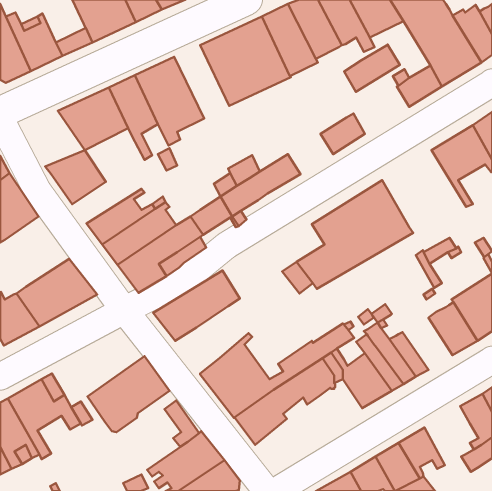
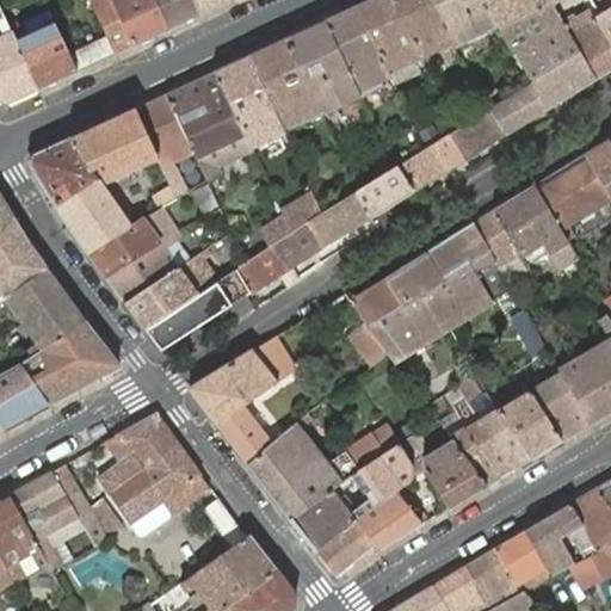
building: [344,45,400,92] -> [438,107,507,166]
building: none -> [216,56,284,147]
building: none -> [32,137,105,206]
building: none -> [357,166,413,216]
building: none -> [474,186,578,282]
building: none -> [90,208,178,277]
building: none -> [6,269,86,356]
building: none -> [351,278,402,325]
building: none -> [496,383,561,458]
building: none -> [217,406,272,463]
building: none -> [98,412,179,492]
building: none -> [316,490,422,574]
building: none -> [526,504,582,576]

